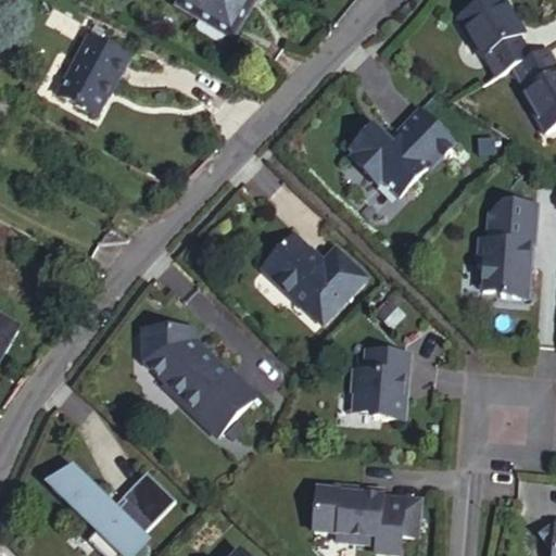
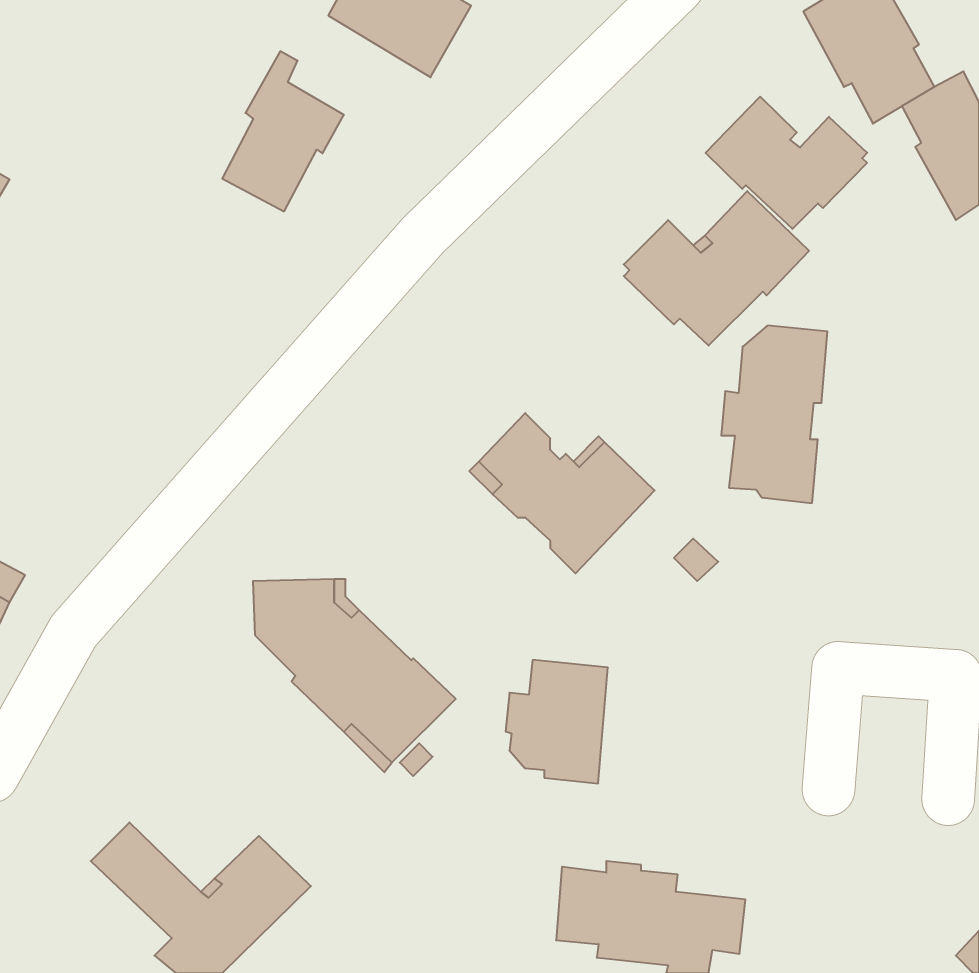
building: [59,20,127,110] -> [222,51,344,211]
building: none -> [706,97,867,229]
building: [477,200,536,300] -> [721,326,827,503]
building: [351,350,408,419] -> [506,660,608,783]

